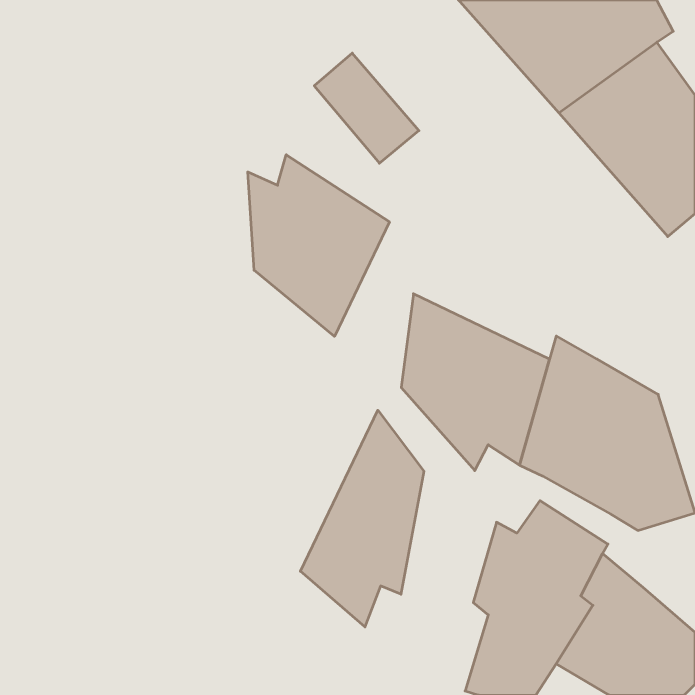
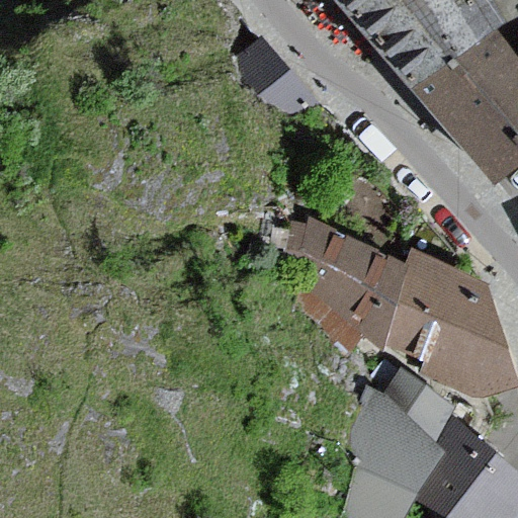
building: [248,155,389,336] -> none
building: [300,410,424,627] -> none

